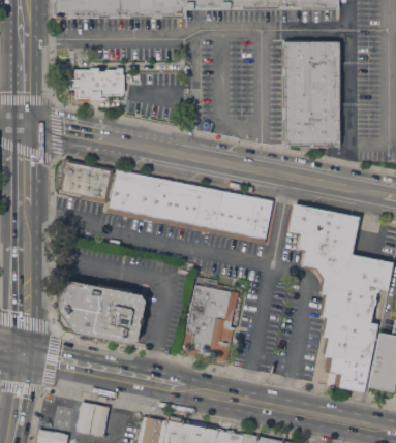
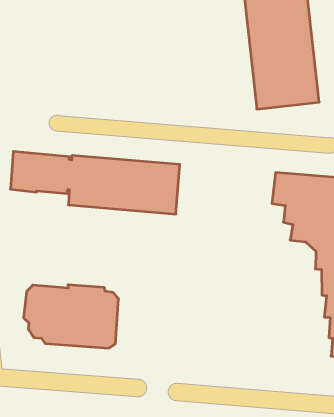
building: [69,66,123,98] -> none
building: [202,187,273,244] -> none
building: [182,275,239,363] -> none

